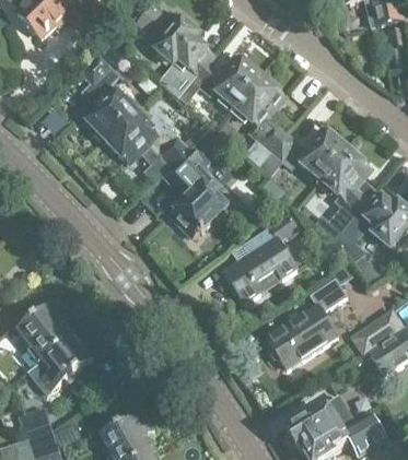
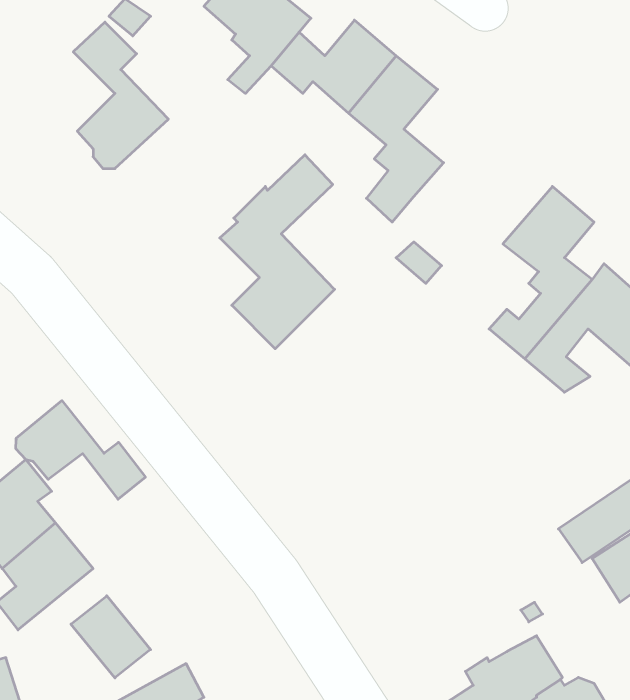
building: [104,109,187,164] -> none
building: [269,127,346,178] -> none
building: [220,212,298,304] -> none
building: [265,262,364,368] -> none
building: none -> [16,401,145,499]
building: none -> [71,596,151,678]

